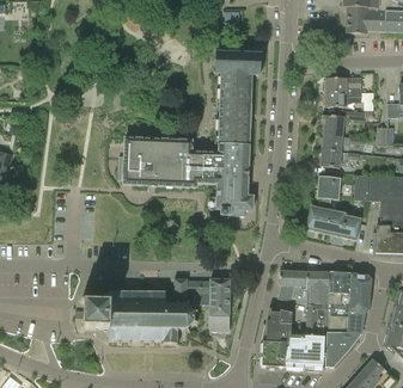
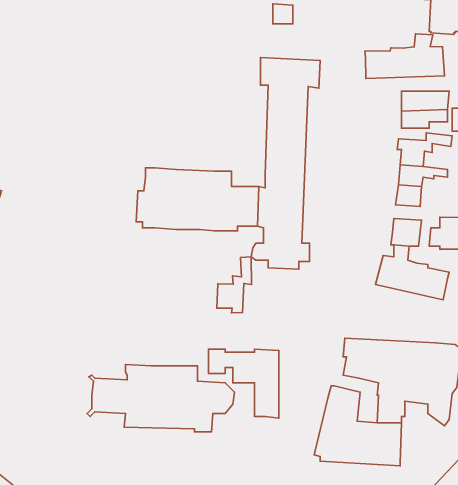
building: none -> [365,34,445,78]
building: none -> [217,257,252,313]
building: [326,319,359,367] -> none

